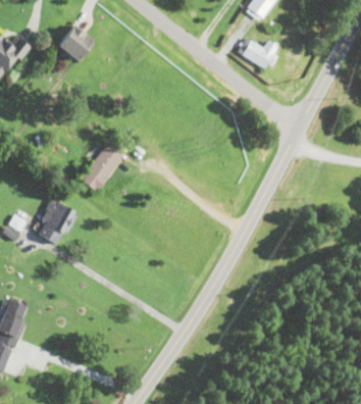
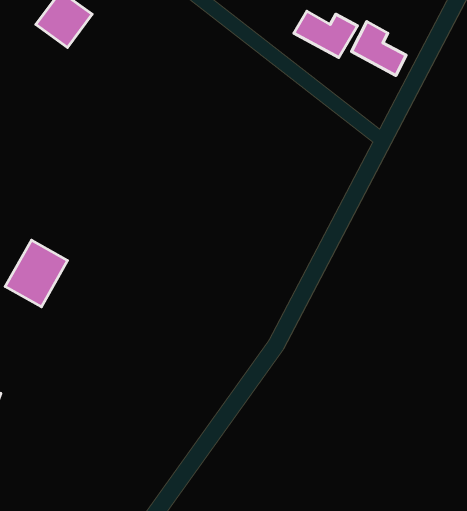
building: none -> [352,21,406,76]
building: [79,141,125,191] -> none

